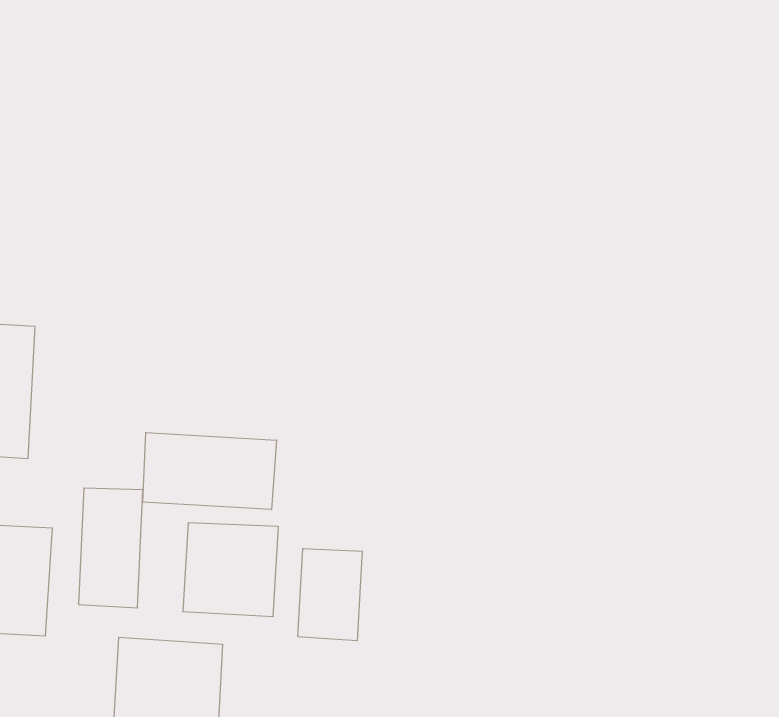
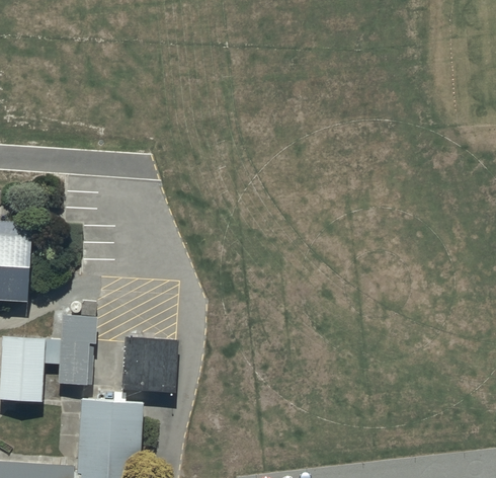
building: [143,432,277,510] -> none
building: [298,548,362,641] -> none

